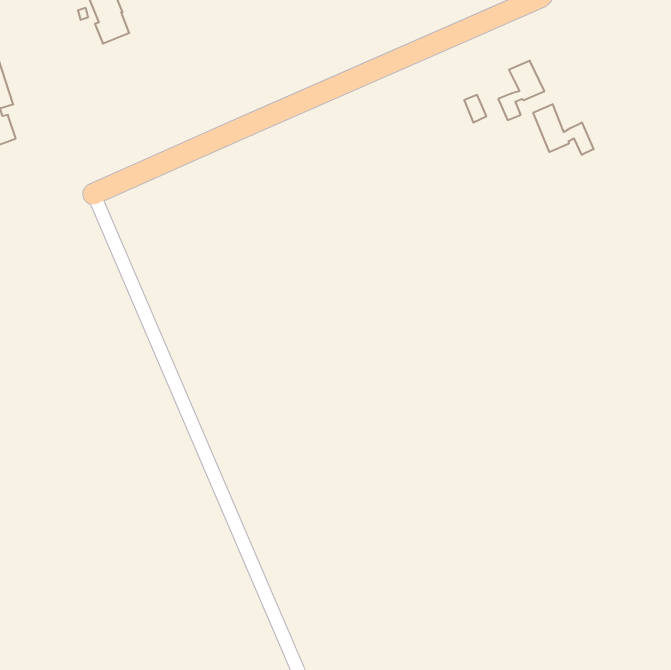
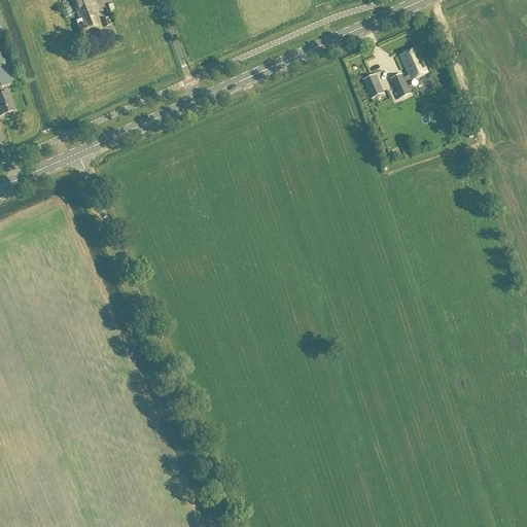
building: [533,104,594,155] -> none

